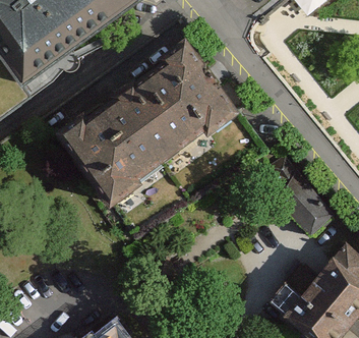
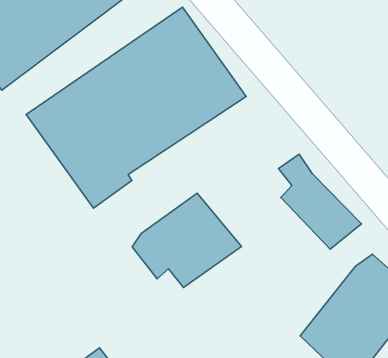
building: none -> [132,193,242,287]

